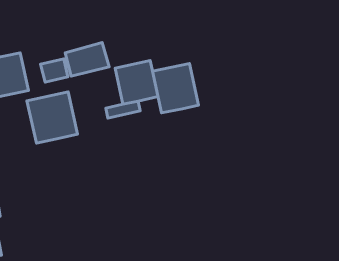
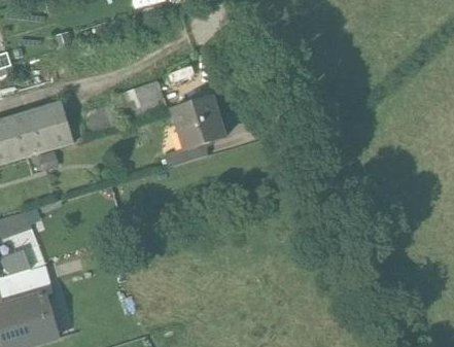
building: [153,63,199,113] -> none
building: [27,92,78,143] -> none

